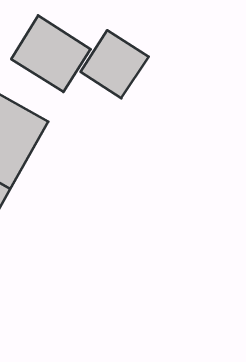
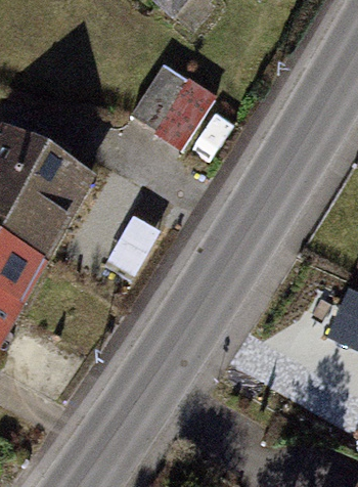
building: [11,15,91,92] -> none

